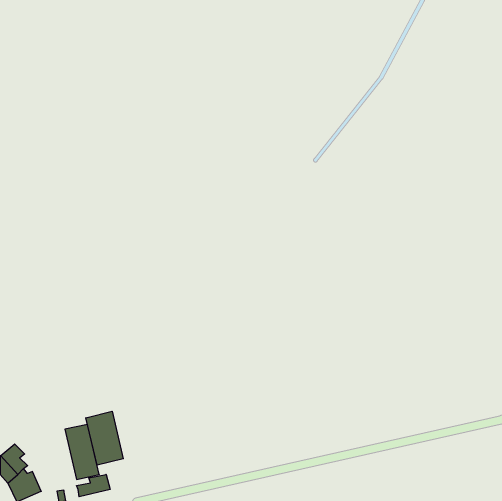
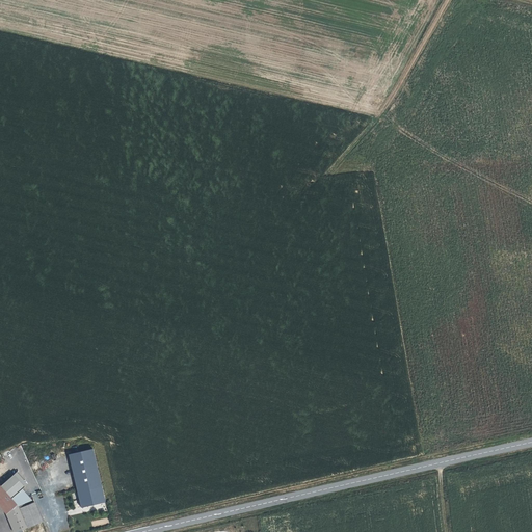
building: [86,411,123,465] -> none
building: [77,474,110,497] -> none

